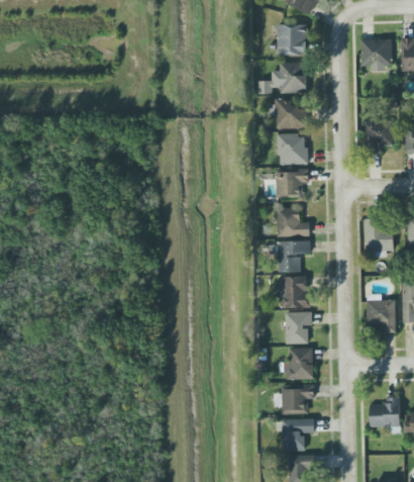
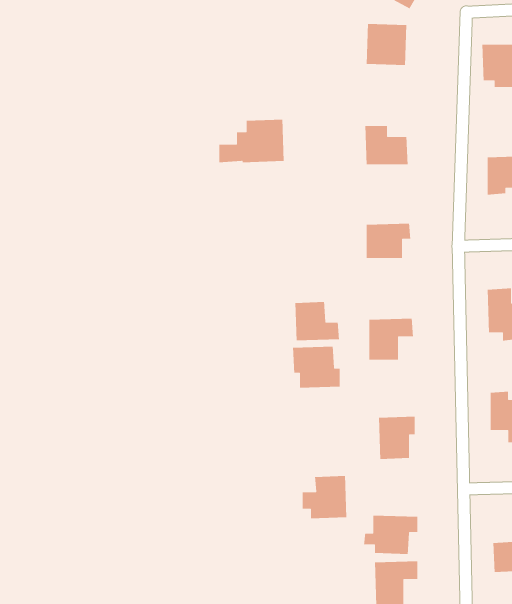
building: [258,62,307,94] -> [218,119,285,163]
building: [278,133,307,165] -> none
building: [277,207,310,236] -> [294,301,340,341]
building: [276,277,311,308] -> [292,346,340,389]
building: [280,348,313,380] -> [302,475,347,519]

